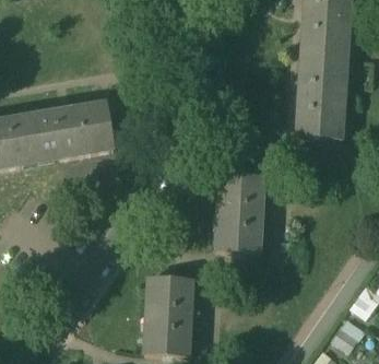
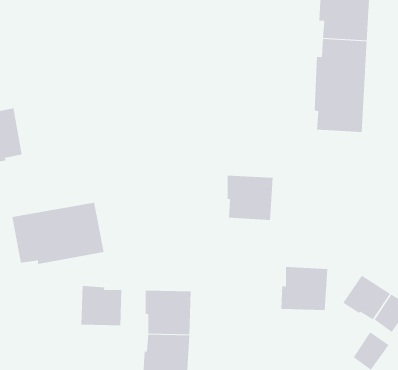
building: [32,101,115,156] -> [12,202,105,264]
building: [218,212,261,251] -> [280,266,328,310]
building: none -> [343,275,391,320]
building: none -> [81,285,122,326]

